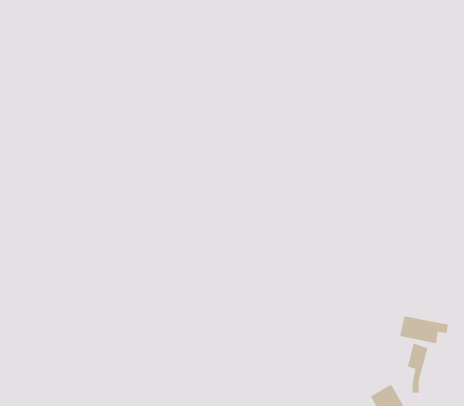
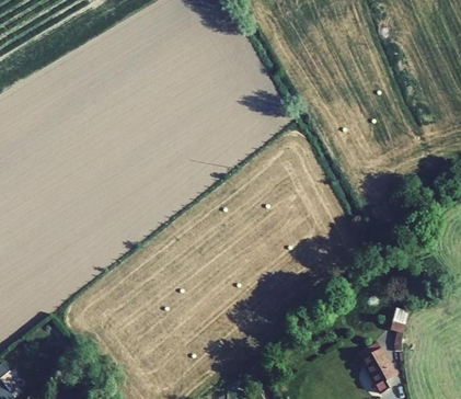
building: [399,316,449,344] -> none

